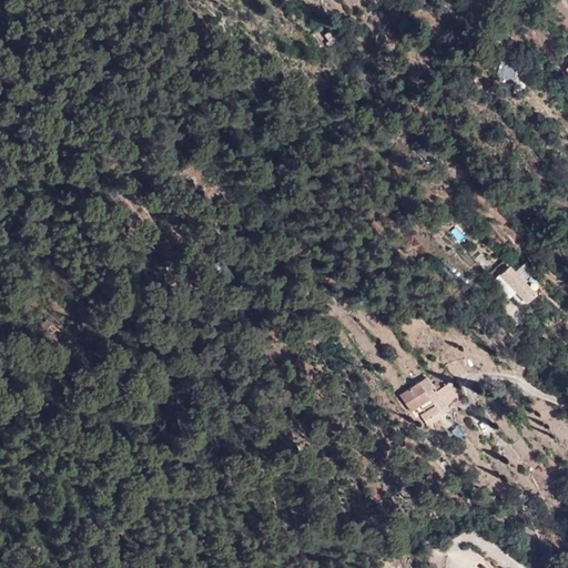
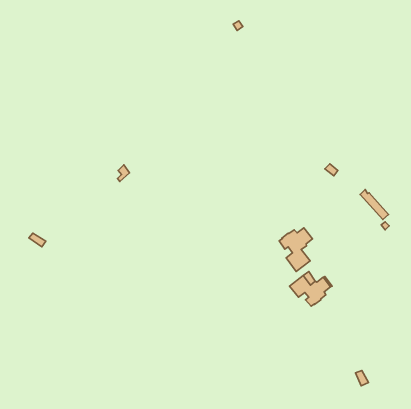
building: none -> [279,228,312,271]

